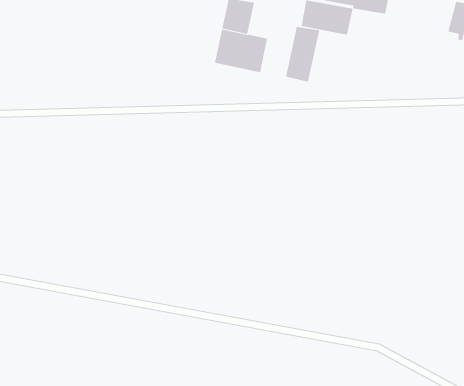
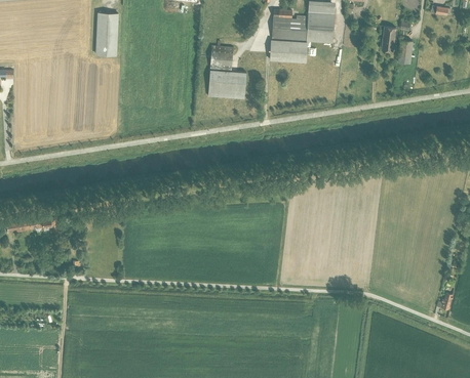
building: [285,26,320,82] -> none

